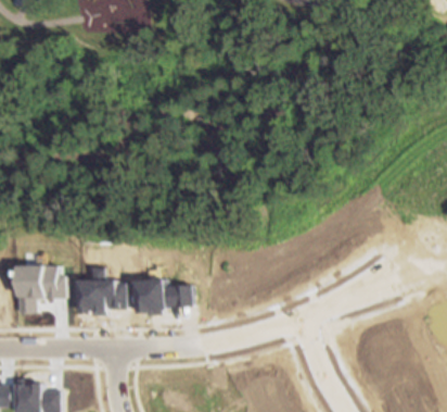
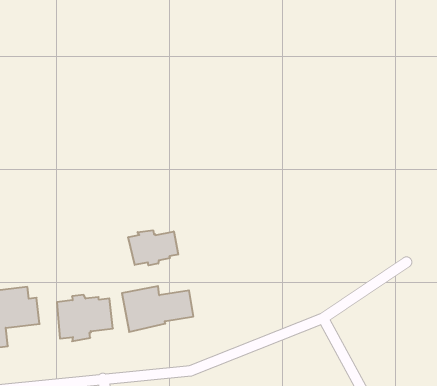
building: none -> [128,230,178,265]

